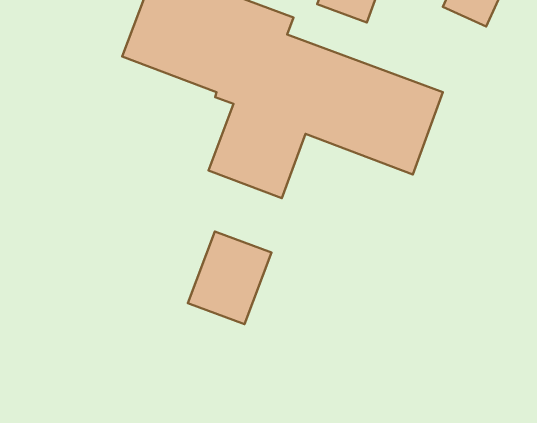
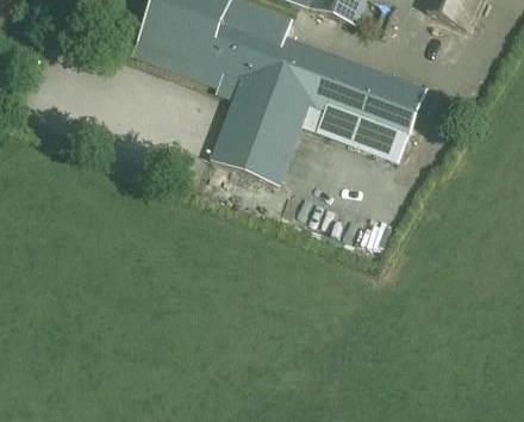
building: [188,231,271,324] -> none

